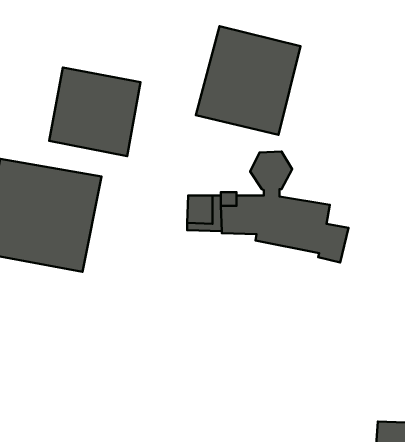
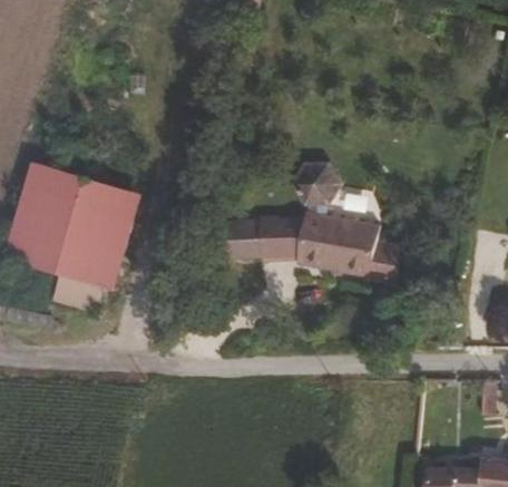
building: [196,26,300,135] -> none
building: [49,68,140,156] -> none

